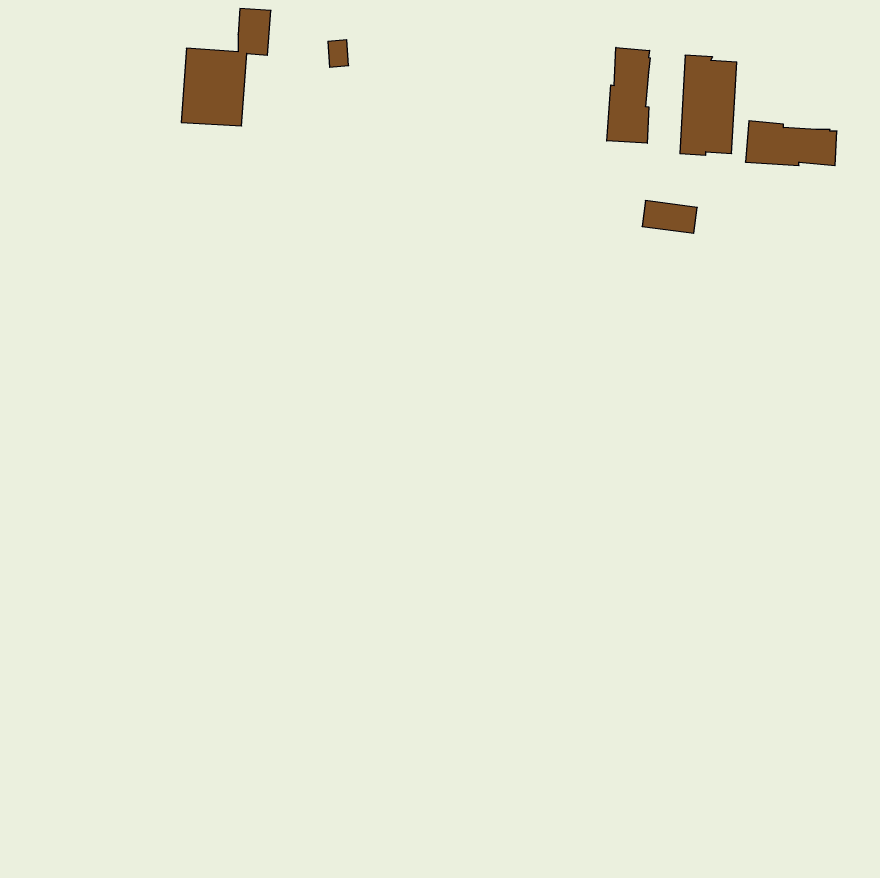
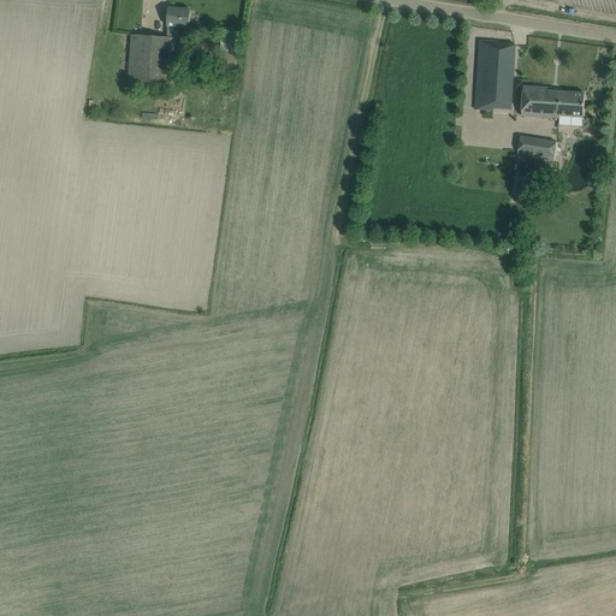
building: [607,47,650,143] -> none
building: [642,201,697,233] -> [516,135,555,158]

